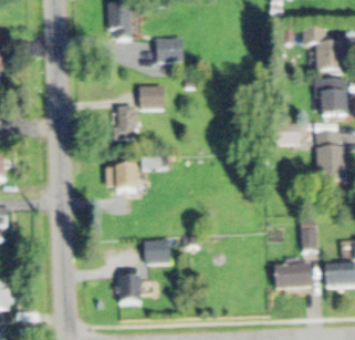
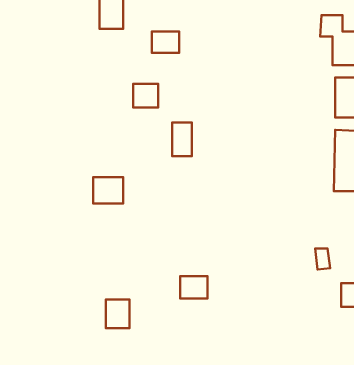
building: [117,107,135,137] -> [172,123,192,156]
building: [145,241,169,261] -> [180,276,207,299]
building: [276,265,310,286] -> none

